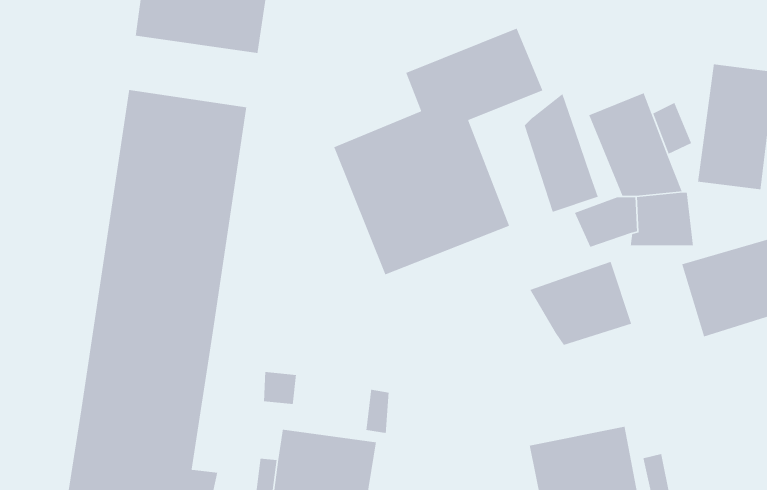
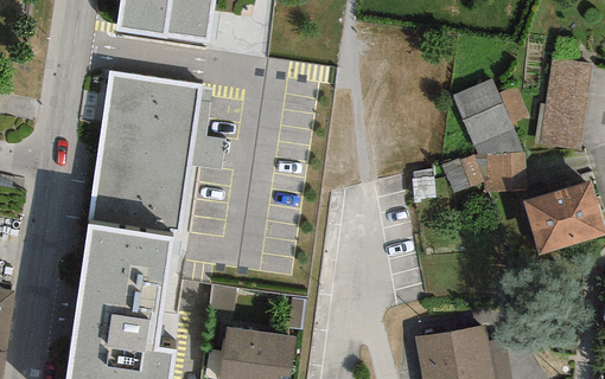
building: [333,28,544,276] -> none
building: [524,93,599,213] -> none
building: [529,261,632,346] -> none

